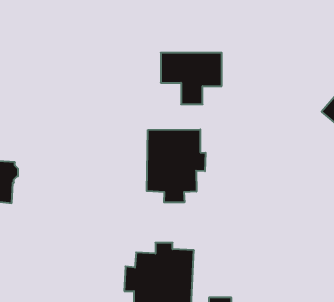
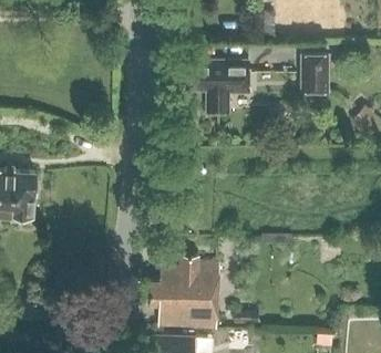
building: none -> [300,55,328,94]
building: [147,129,206,202] -> none

